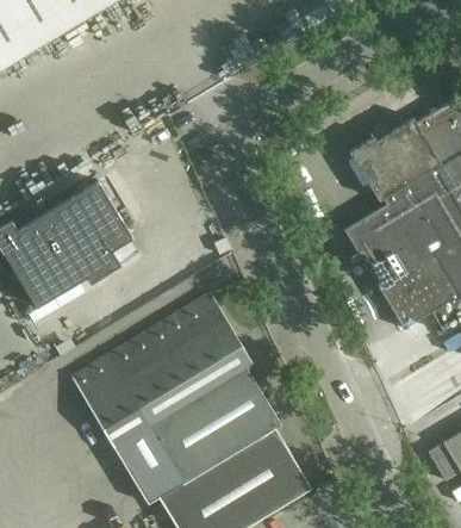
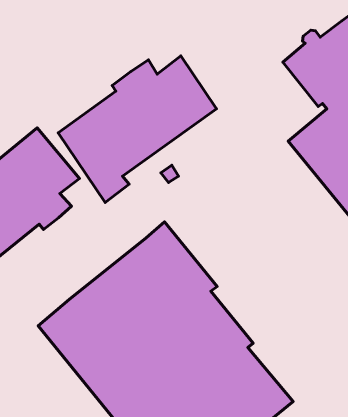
building: none -> [58,56,217,202]

